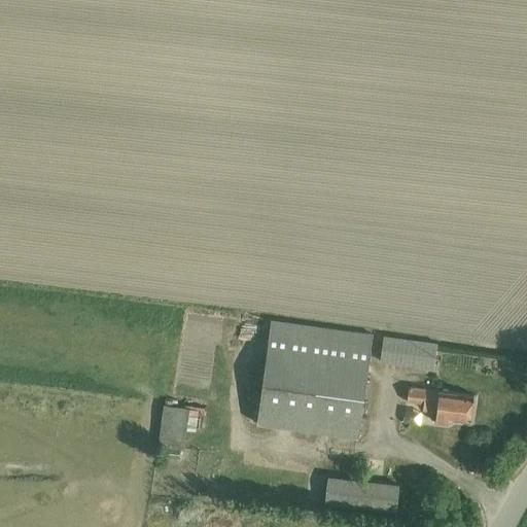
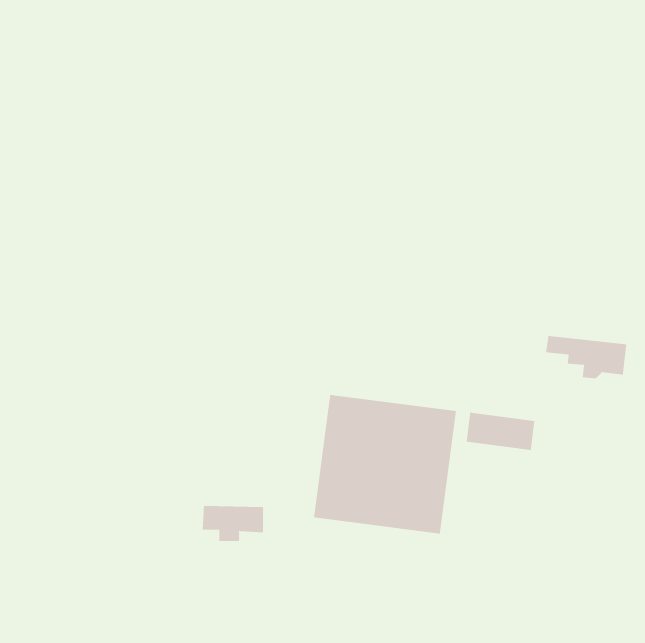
building: [406,387,472,423] -> [545,335,627,379]
building: [324,477,398,511] -> none

